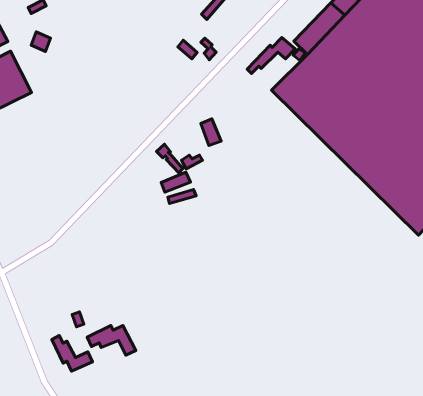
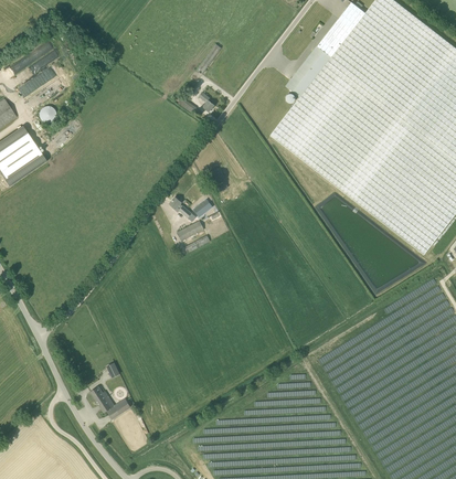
building: [247,37,295,74] -> none
building: [87,325,136,355] -> none

